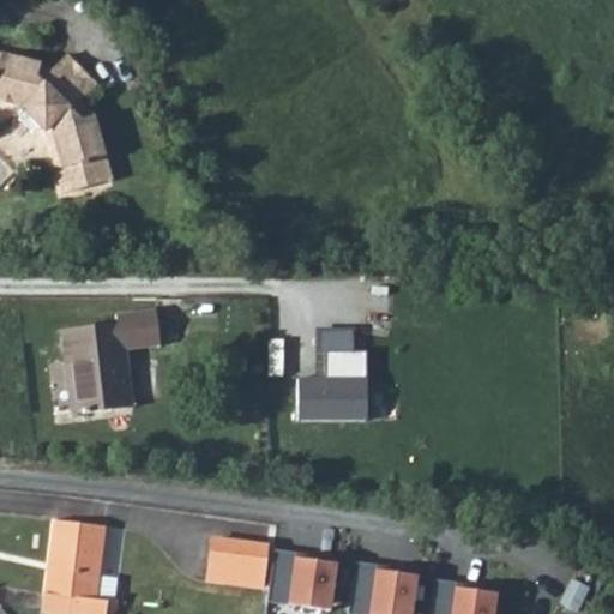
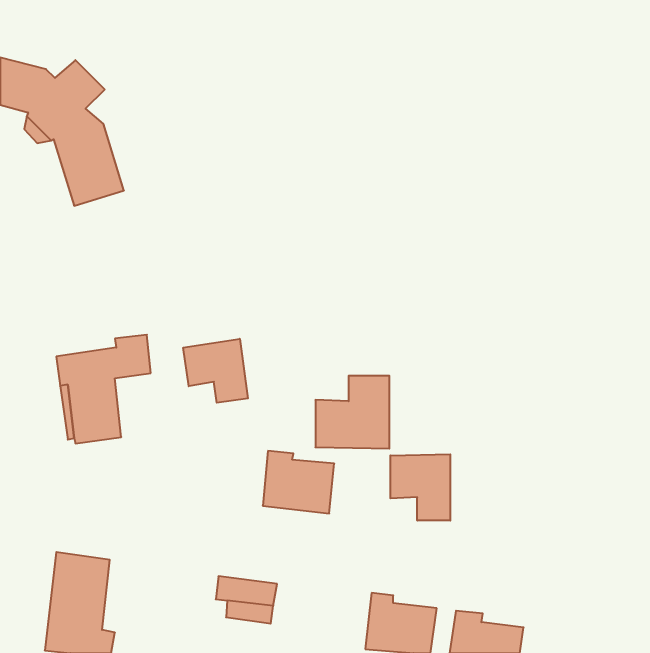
building: none -> [183,339,248,403]
building: none -> [390,454,450,521]
building: [261,548,329,607] -> [263,451,334,513]

